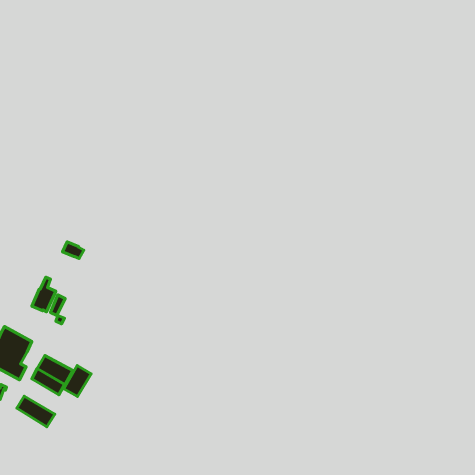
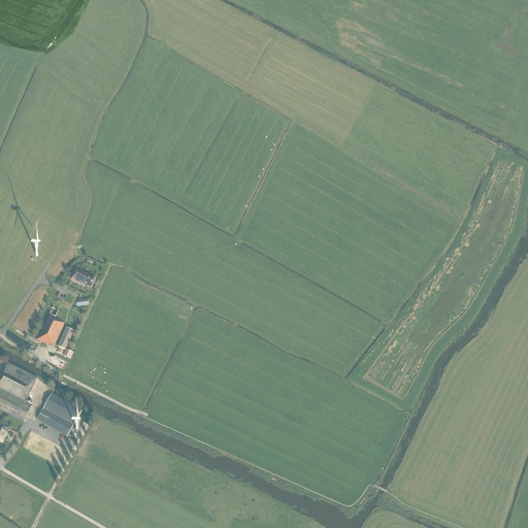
building: [64,365,91,396] -> none
building: [17,396,55,427] -> none

